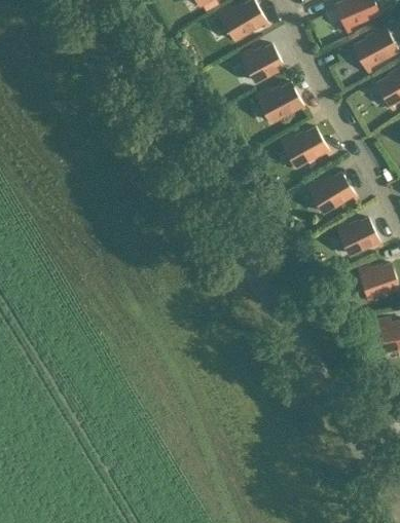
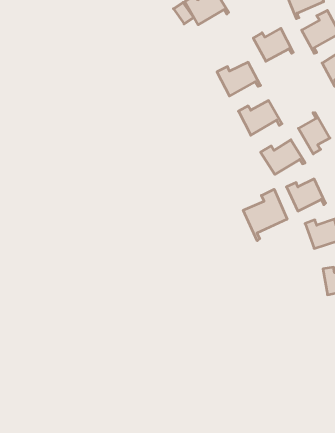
building: [241,45,287,83] -> [253,28,293,61]
building: none -> [298,113,330,154]
building: none -> [243,189,287,241]

